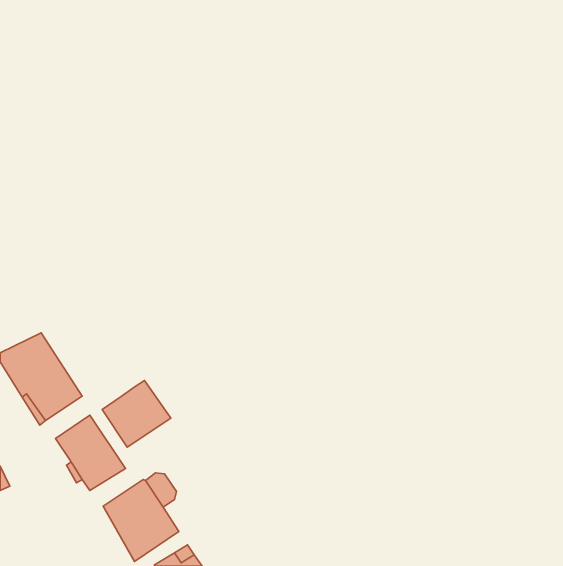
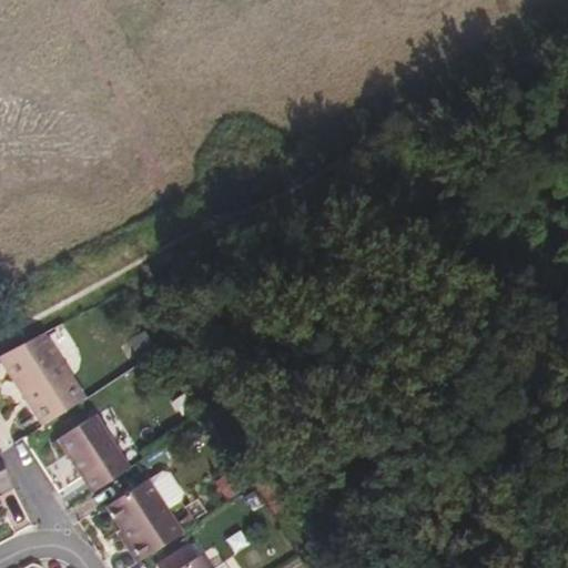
building: [102,381,171,447] -> none

